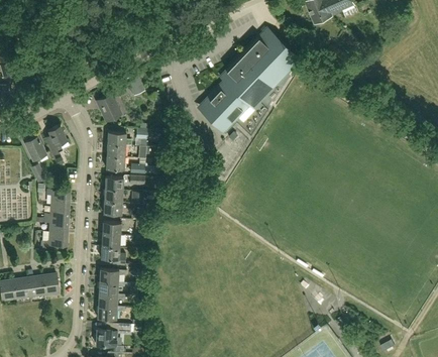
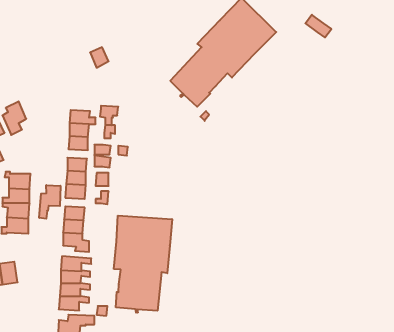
building: [96,94,122,122] -> none
building: none -> [39,185,60,219]
building: none -> [114,216,172,313]

